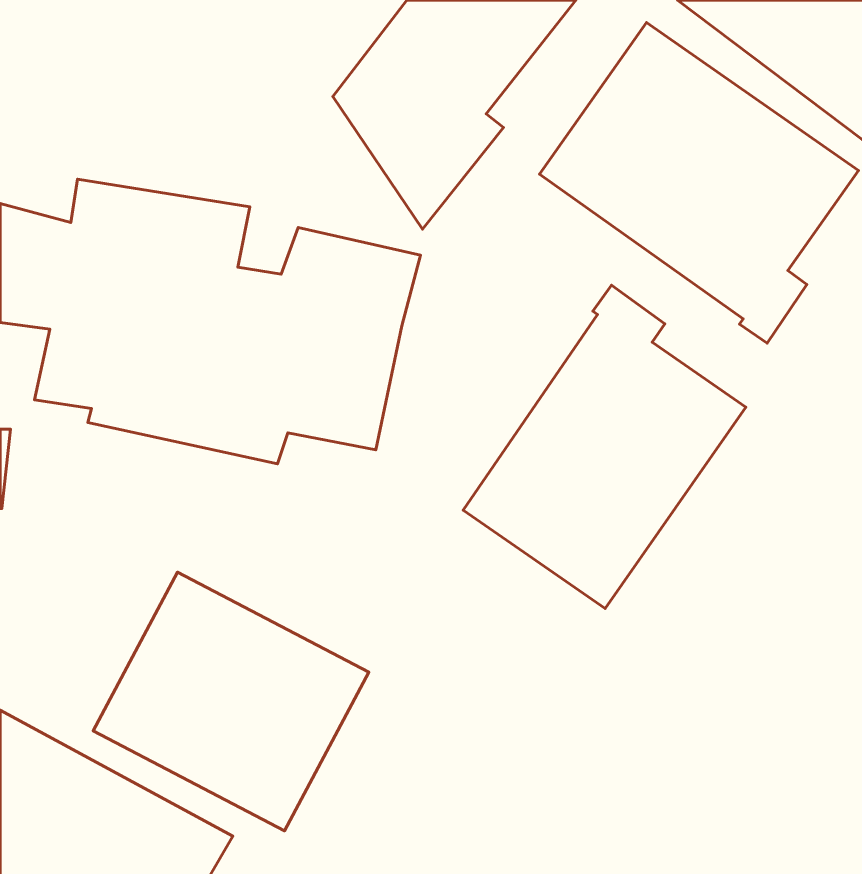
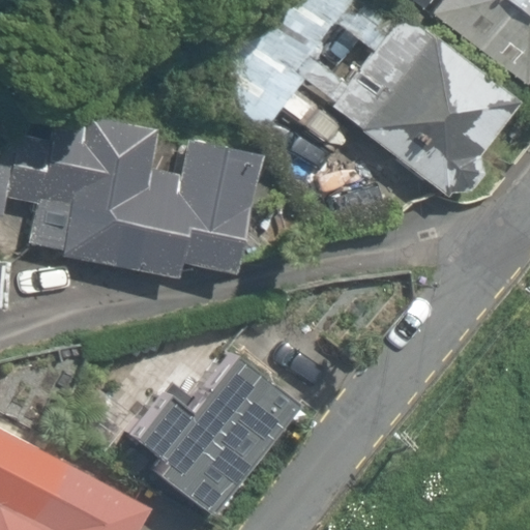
building: [463,285,746,609] -> none

